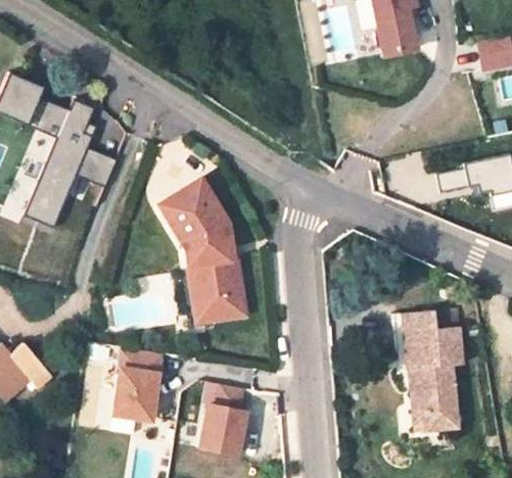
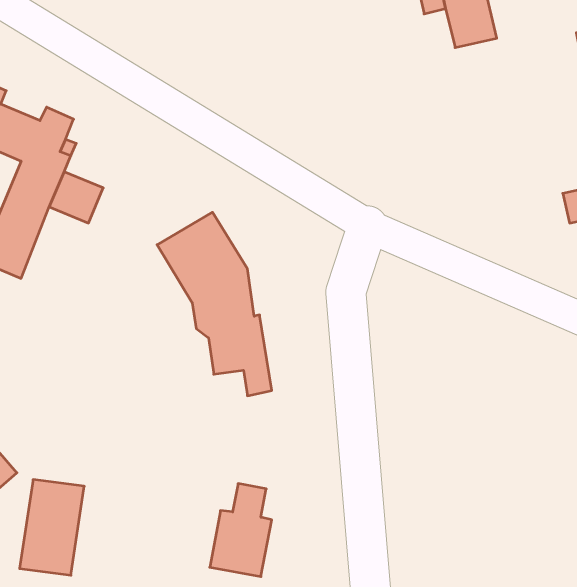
building: [188,267,227,322] -> none
building: [402,309,462,428] -> none
building: [111,347,160,420] -> [20,480,84,575]

